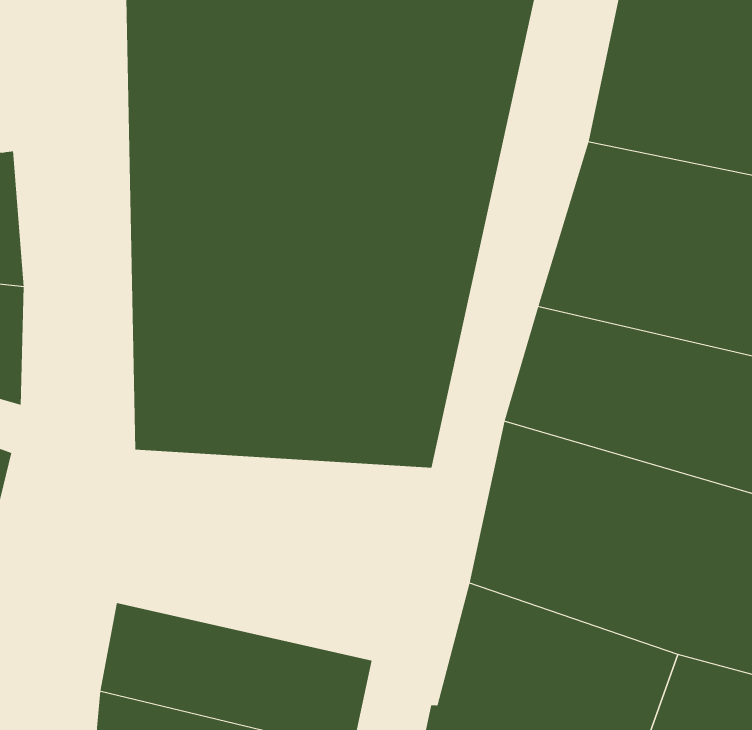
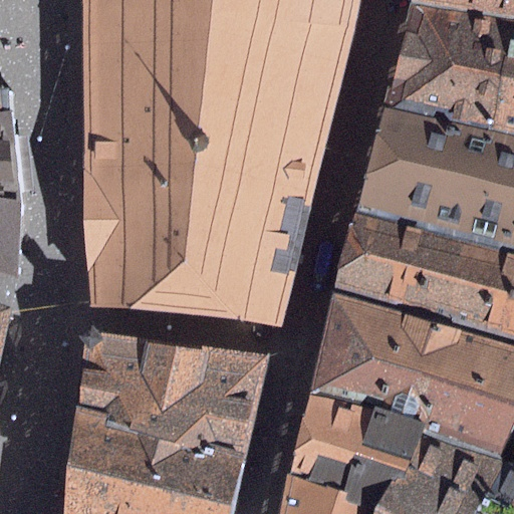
building: none -> [78,329,267,447]

